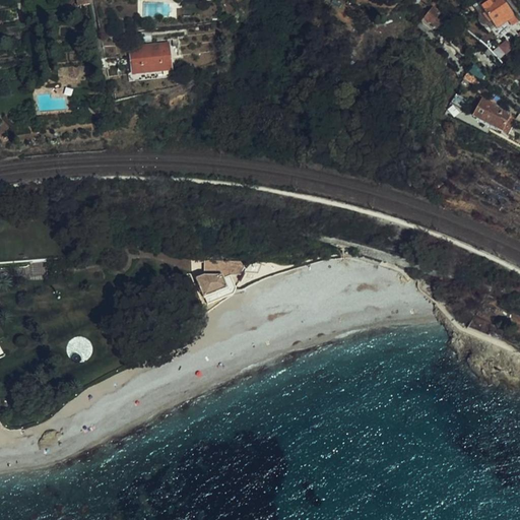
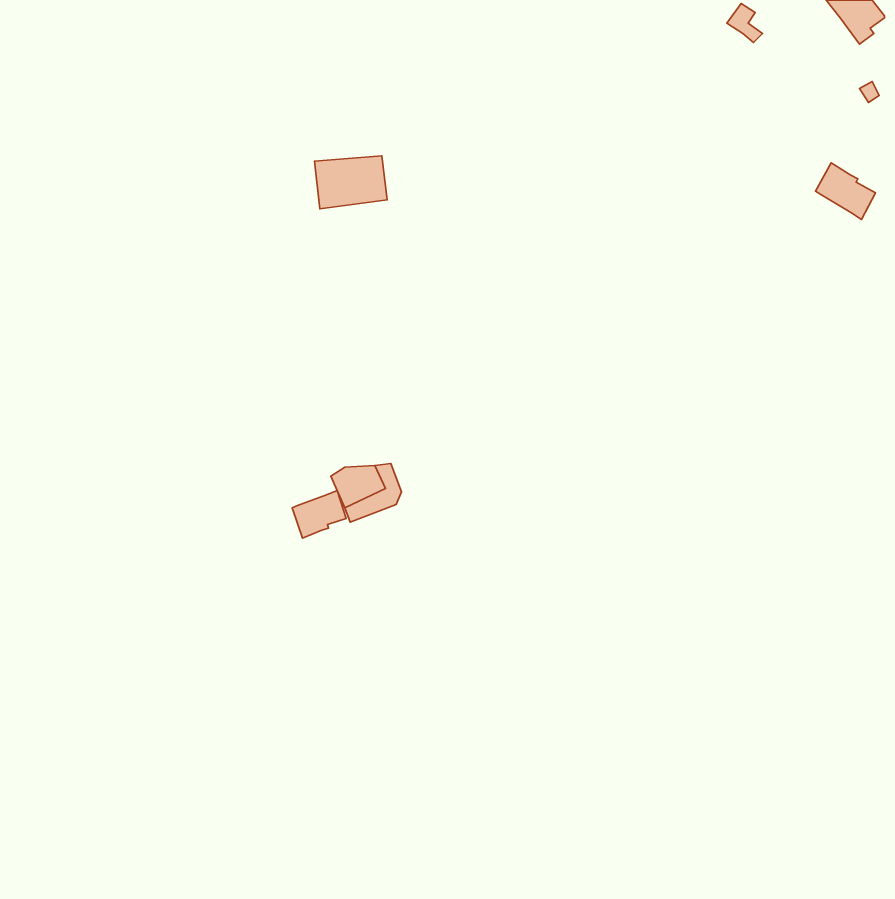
building: [128,42,170,72] -> [315,156,387,209]
building: none -> [292,490,346,538]

